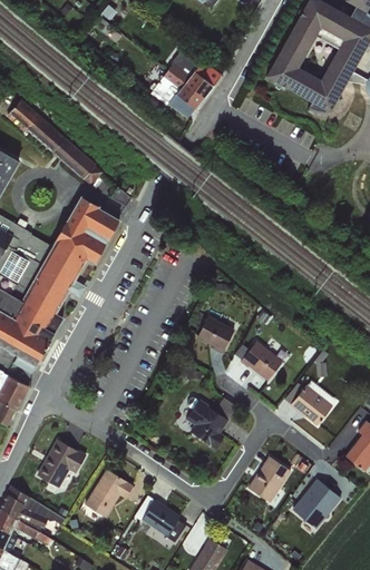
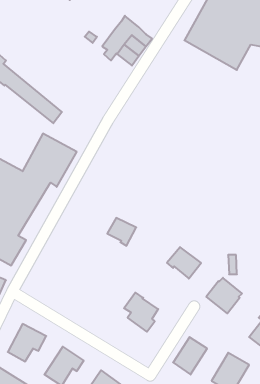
building: [195,317,232,353] -> [107,218,136,246]

